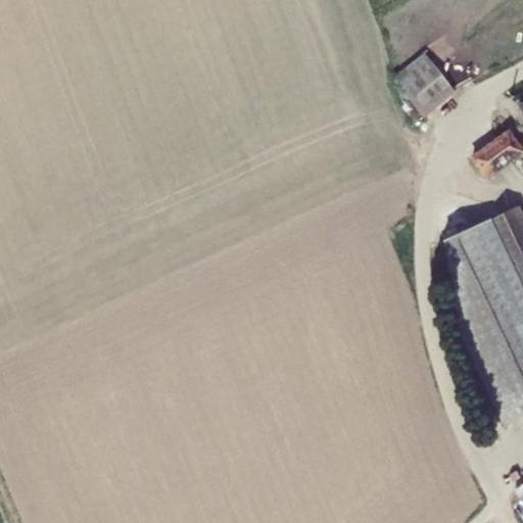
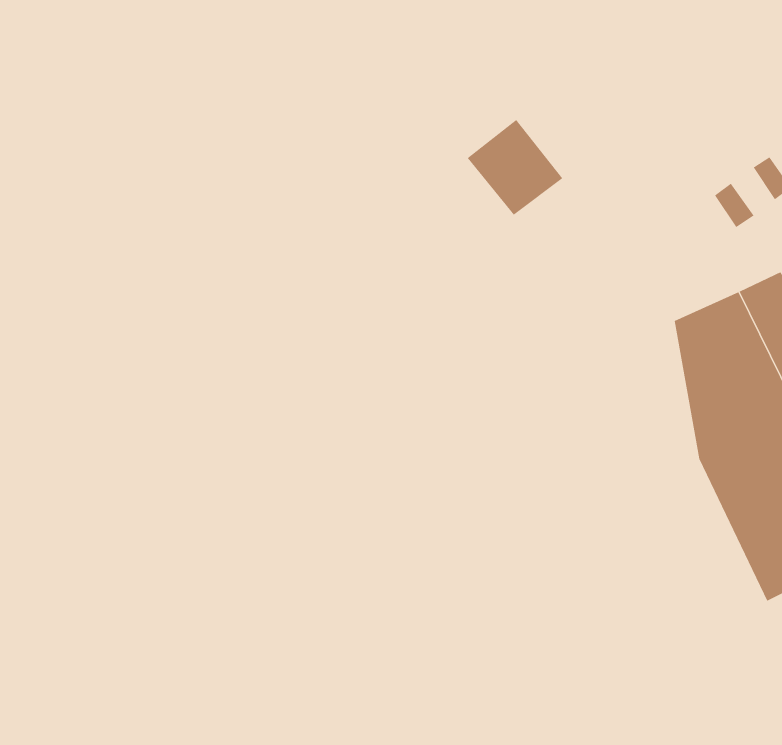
building: [395,50,459,113] -> [467,119,563,215]

